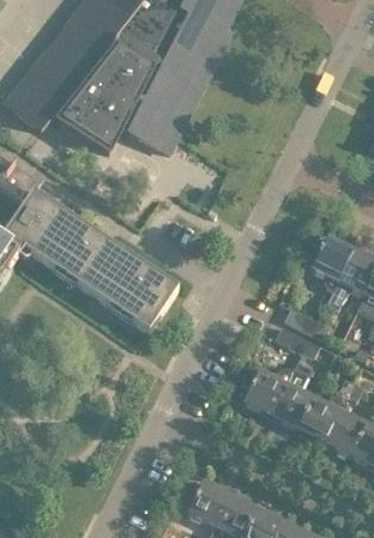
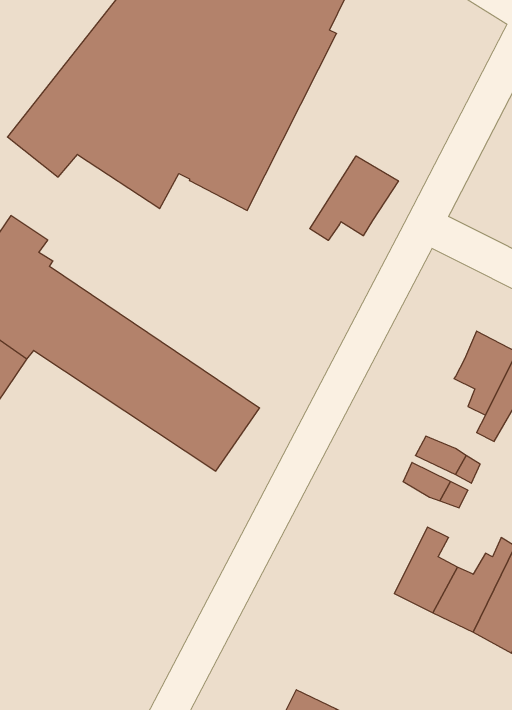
building: none -> [310,156,398,240]
building: [239,358,294,415] -> none

